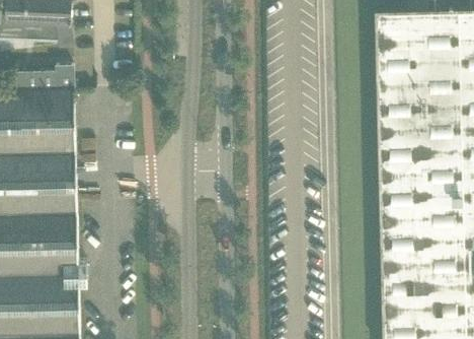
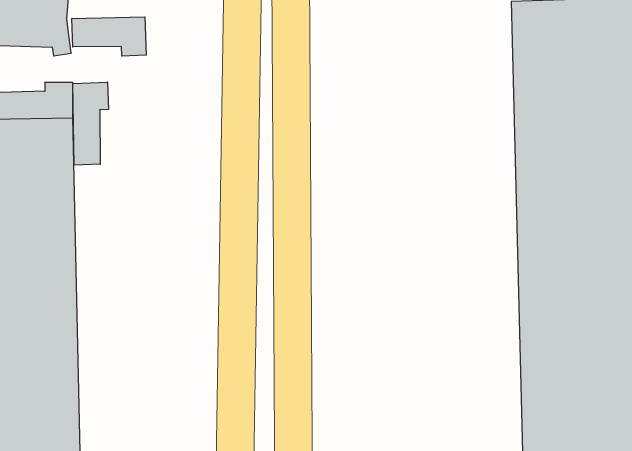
building: none -> [72,17,146,56]
building: none -> [73,82,108,165]

